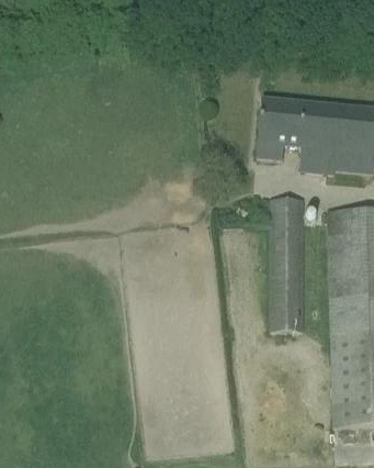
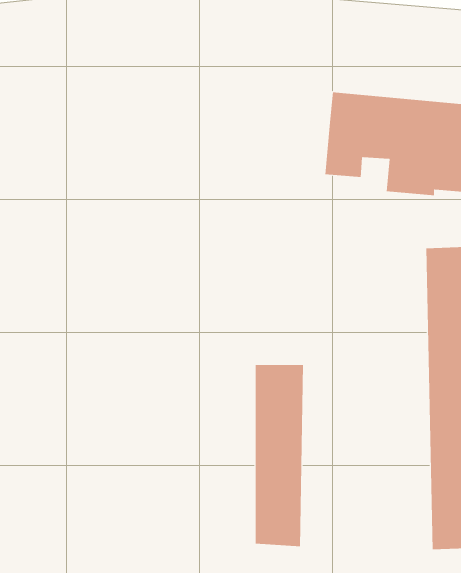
building: [270,198,305,328] -> [255,365,304,547]

